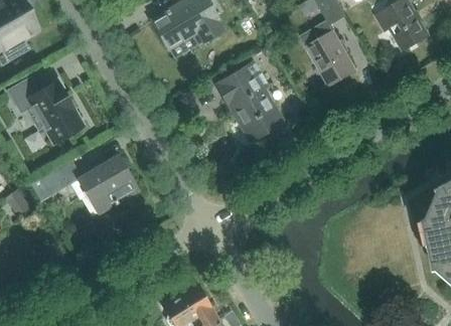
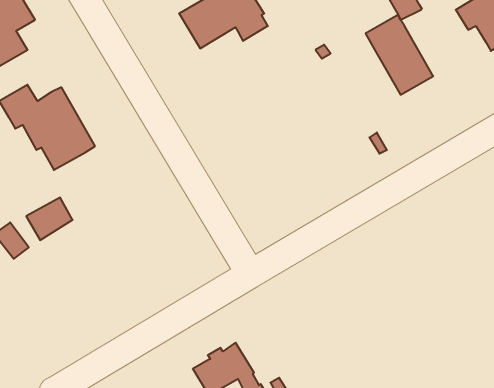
building: [214,61,283,139] -> none
building: [78,156,137,213] -> none

